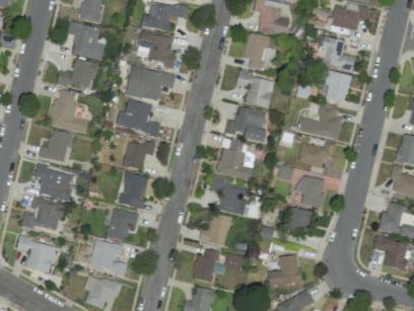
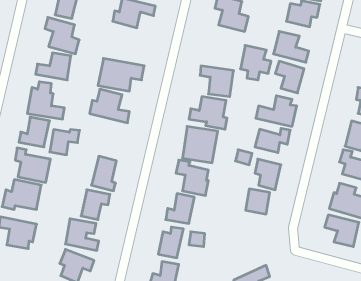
building: [137,30,177,68] -> none
building: [243,31,276,69] -> [240,45,271,80]
building: [124,141,156,168] -> [50,130,80,155]
building: [268,253,301,286] -> none

